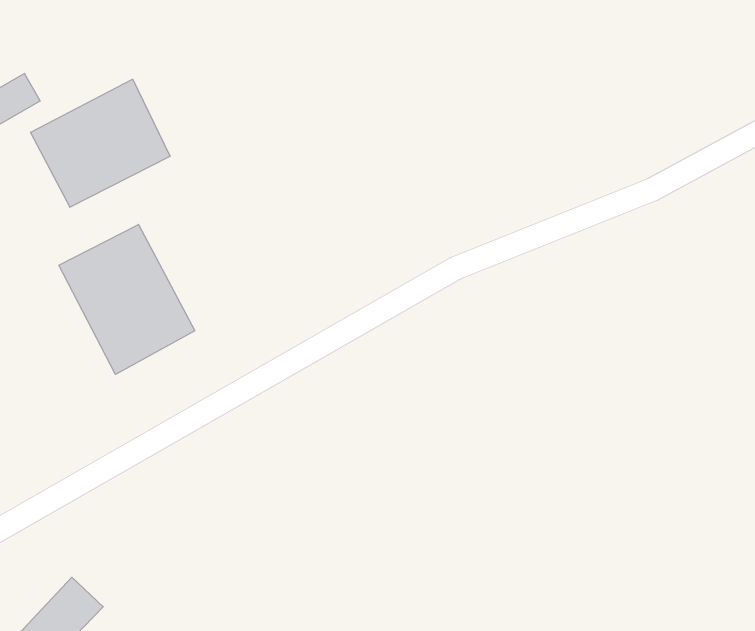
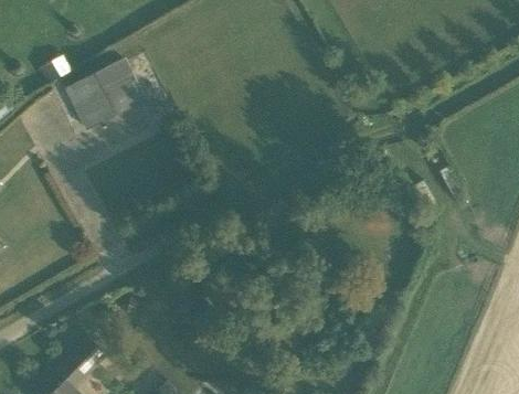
building: [59,224,195,374] -> none

